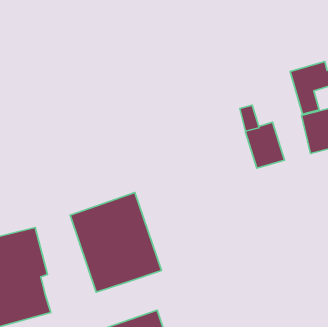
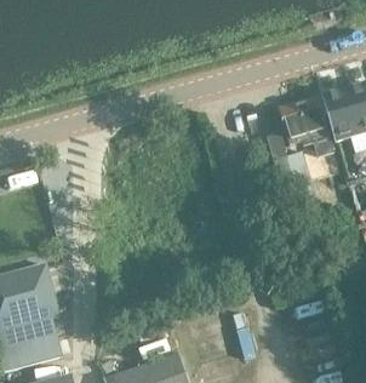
building: none -> [280,95,326,142]
building: [70,193,162,292] -> none

